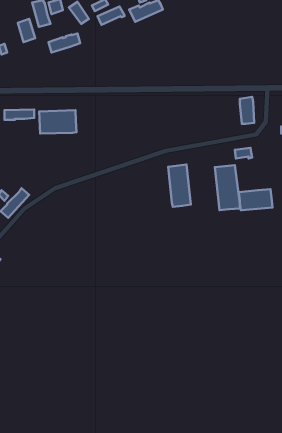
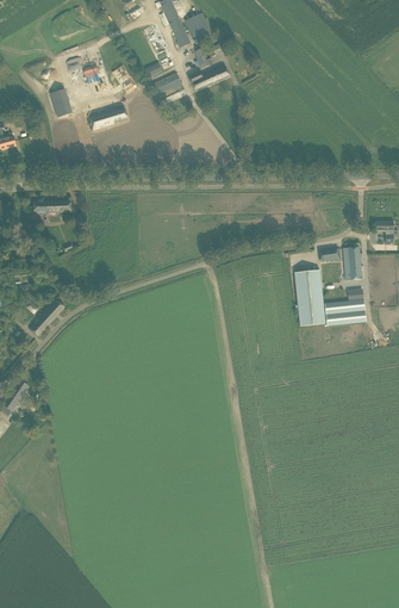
building: [240,97,254,124] -> [342,246,360,279]
building: [39,110,76,133] -> none
building: [168,164,191,207] -> none

